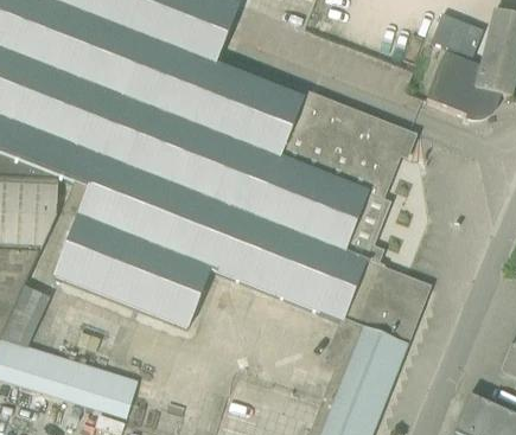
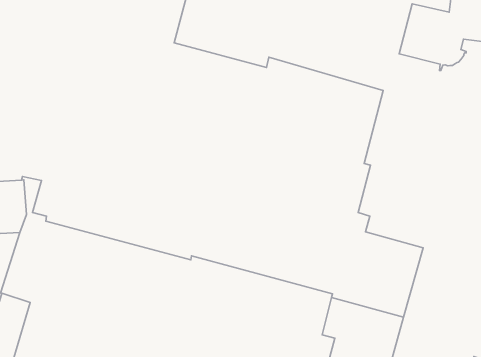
building: [55,220,209,328] -> none

